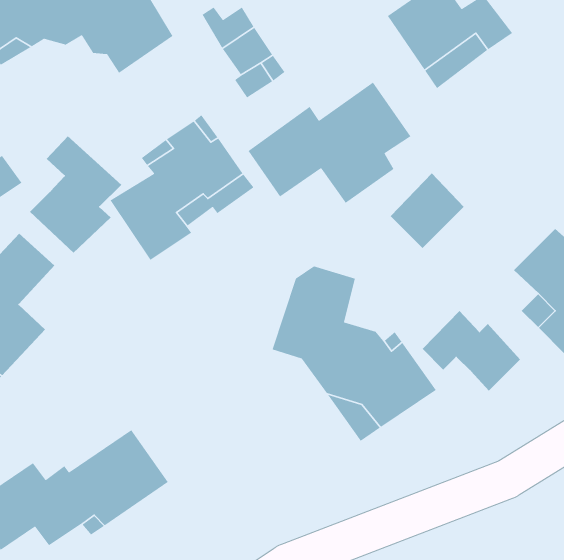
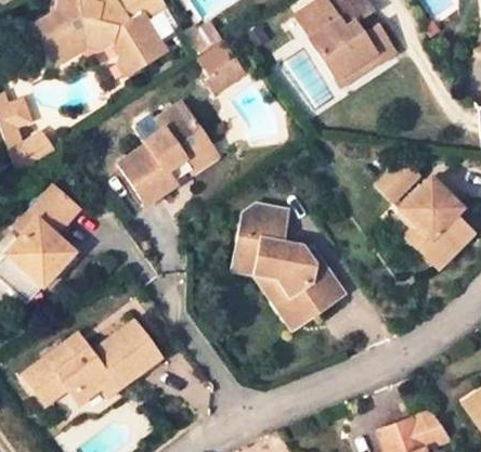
building: [248,81,412,204] -> none
building: [29,135,122,253] -> none
building: [390,172,465,249] -> [378,157,430,210]
building: [422,310,521,391] -> none

